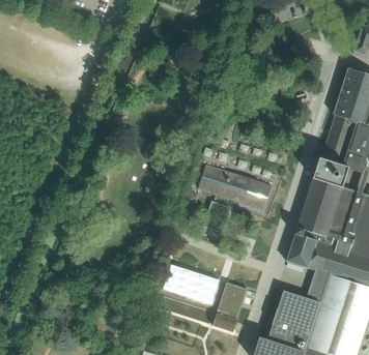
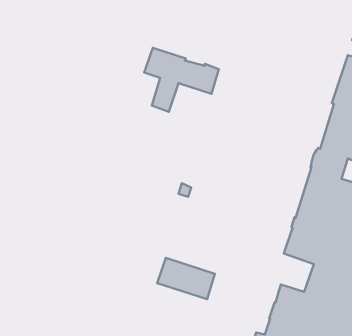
building: [198,165,271,227] -> [144,48,219,112]
building: [212,282,247,331] -> none

